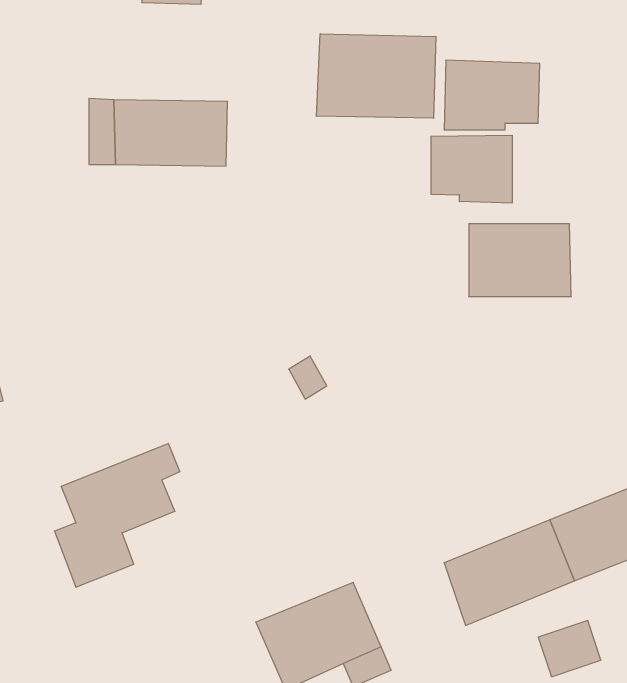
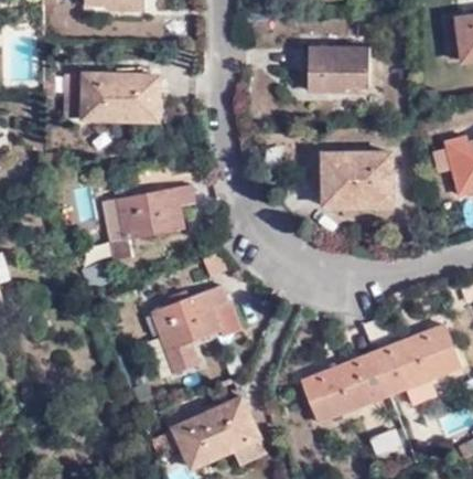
building: [316,34,436,118] -> none
building: [431,135,512,203] -> none
building: none -> [104,181,194,260]
building: [54,444,180,587] -> [146,280,229,376]

